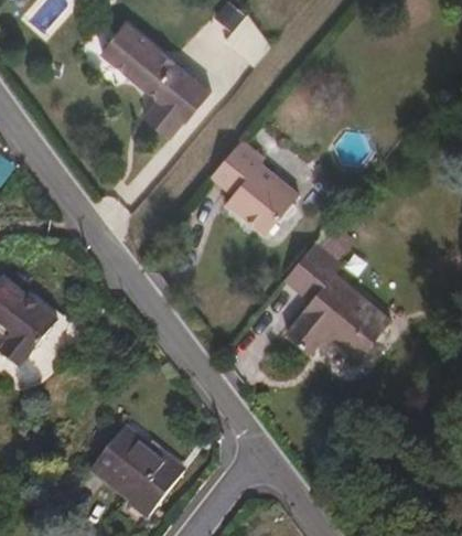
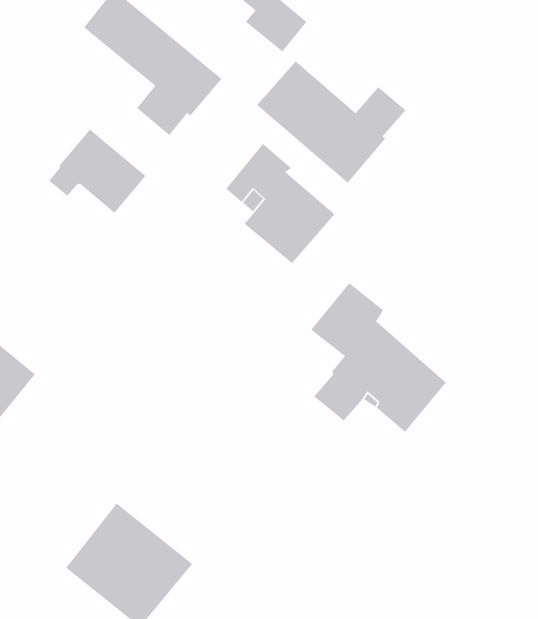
building: none -> [256,60,406,184]
building: none -> [48,129,147,214]

